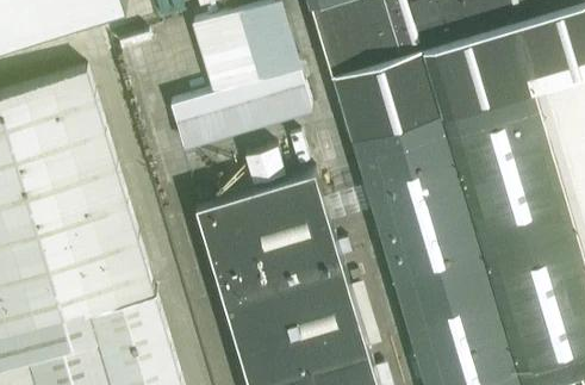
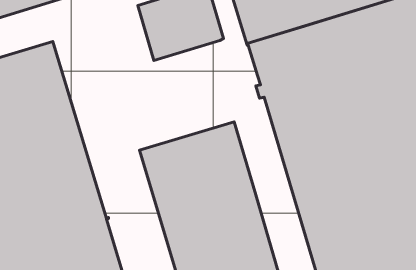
building: [170,69,311,149] -> none

